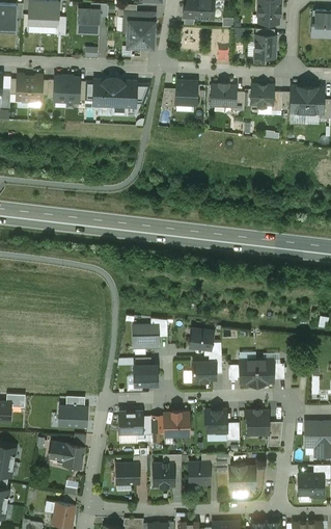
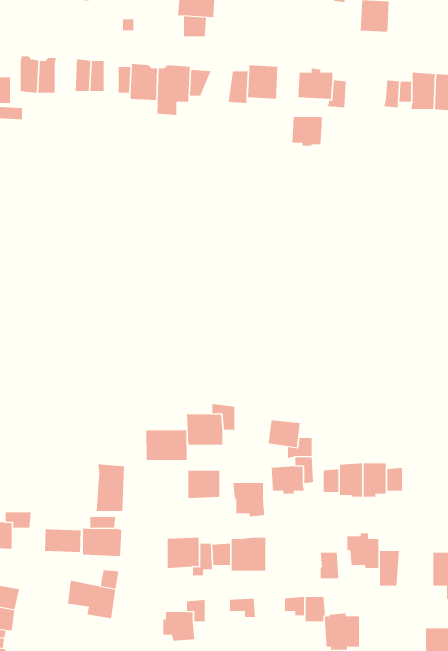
building: [250,85,272,106] -> [291,117,323,146]
building: none -> [146,430,187,461]
building: none -> [96,464,125,512]
building: none -> [44,528,81,553]
building: [203,409,226,433] -> [233,483,265,517]
building: [151,464,173,486] -> none
building: [188,464,209,483] -> none

